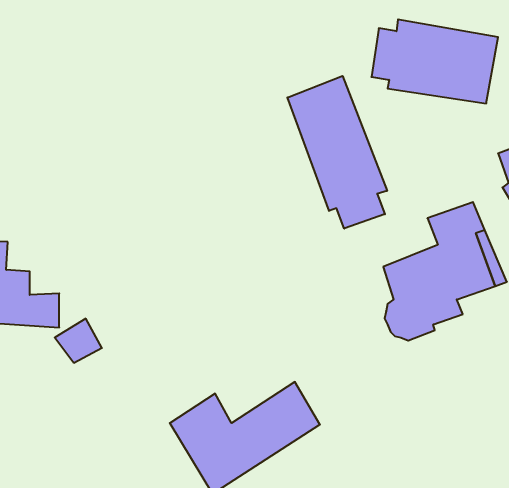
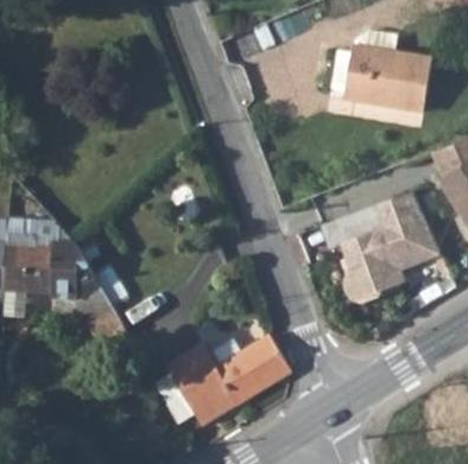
building: [287,76,387,229] -> none

